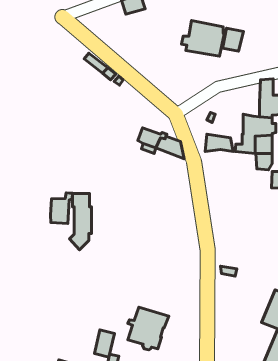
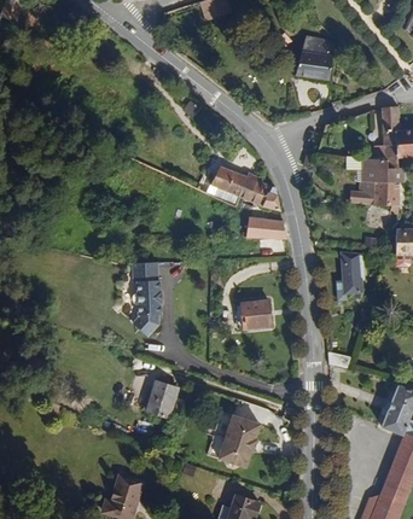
building: [223,28,243,51] -> none
building: [205,134,233,151] -> [249,216,286,239]
building: none -> [344,253,362,291]
building: [50,193,72,224] -> none
building: none -> [237,299,267,328]
building: [94,330,114,357] -> [149,381,175,418]

